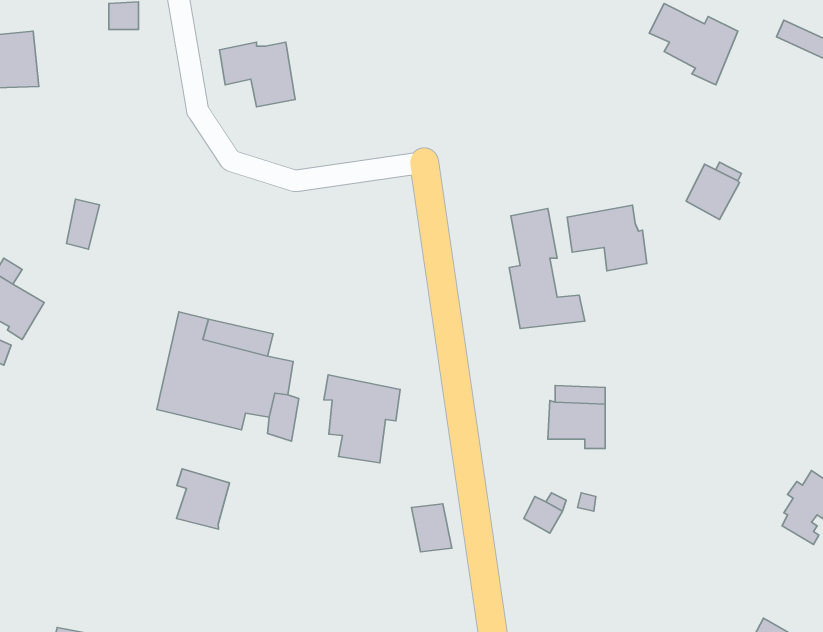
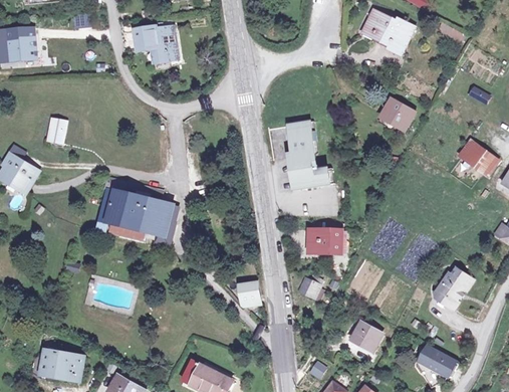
building: [567,205,647,271] -> none
building: [324,375,400,463] -> none
building: [177,469,230,529] -> none
building: none -> [352,320,381,347]

